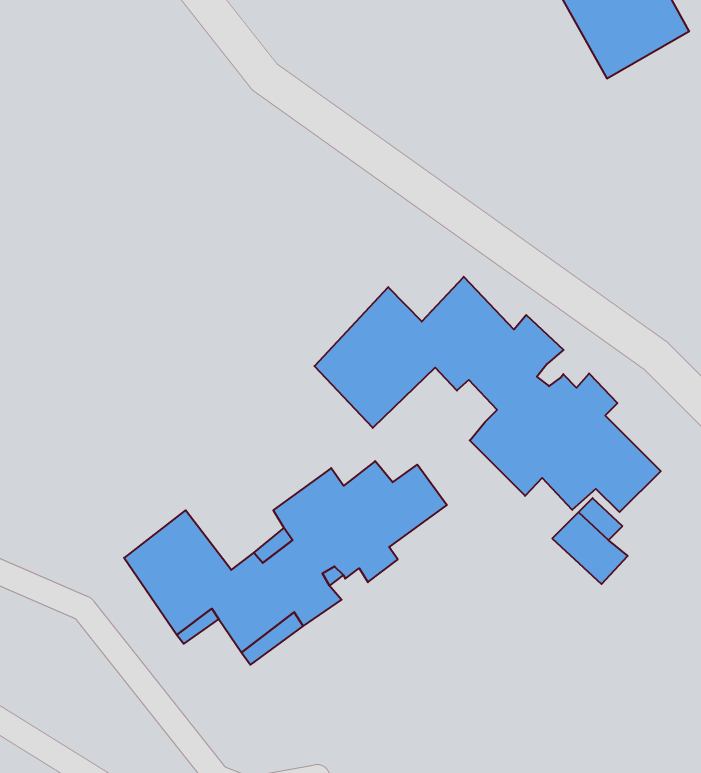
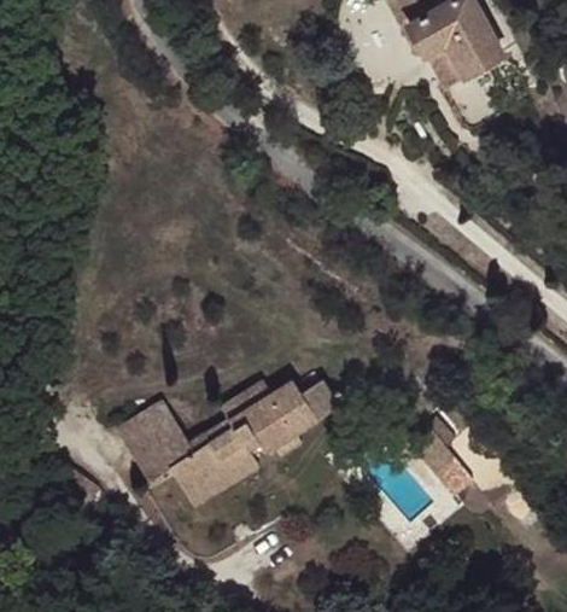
building: [314,277,661,512] -> none

